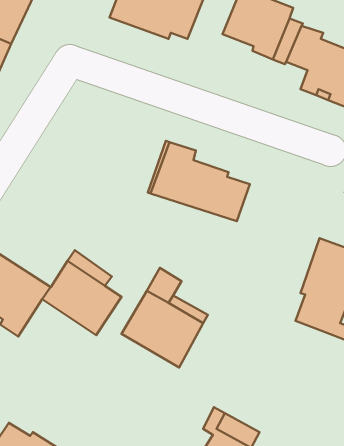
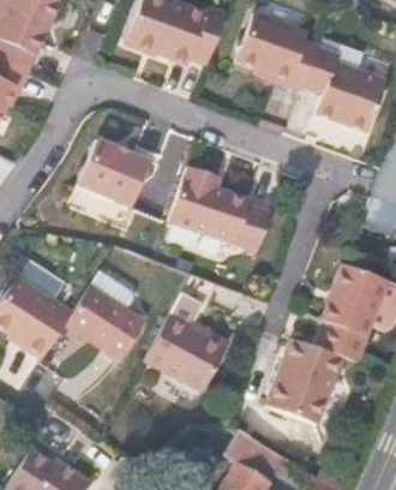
building: none -> [74,139,148,207]
building: none -> [265,336,338,422]

